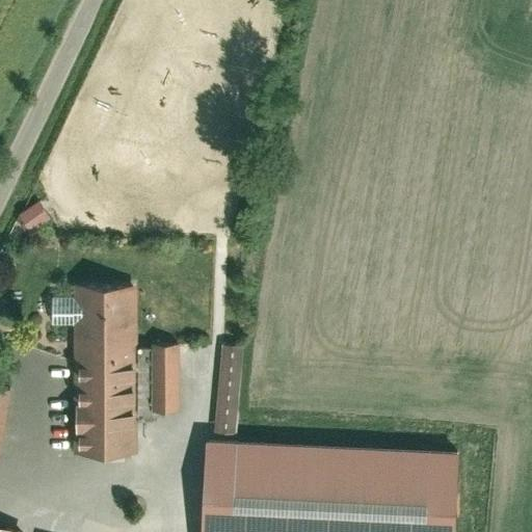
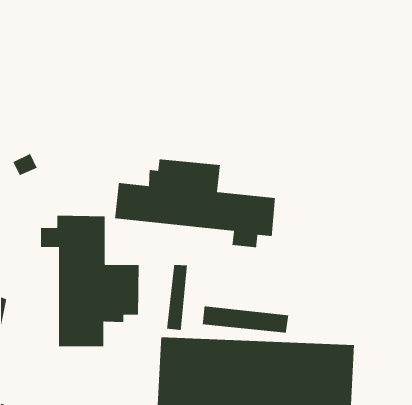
building: none -> [114,158,276,248]
building: none -> [202,305,289,333]

